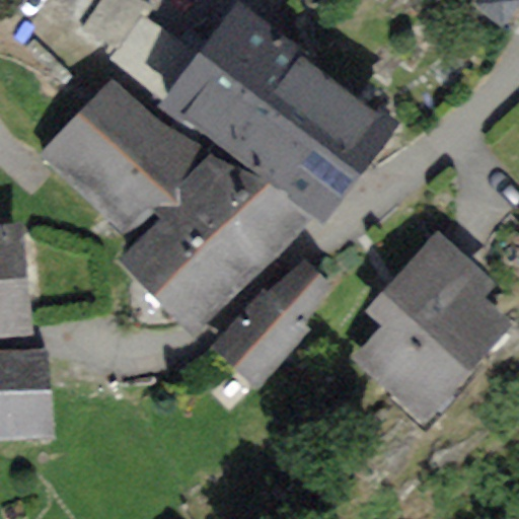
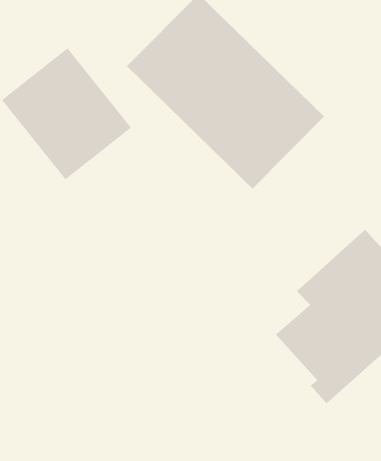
building: [129,162,285,317] -> none
building: [213,265,319,377] -> none

